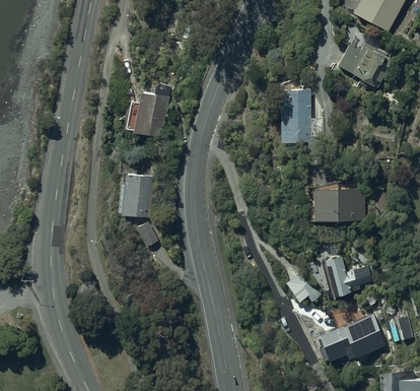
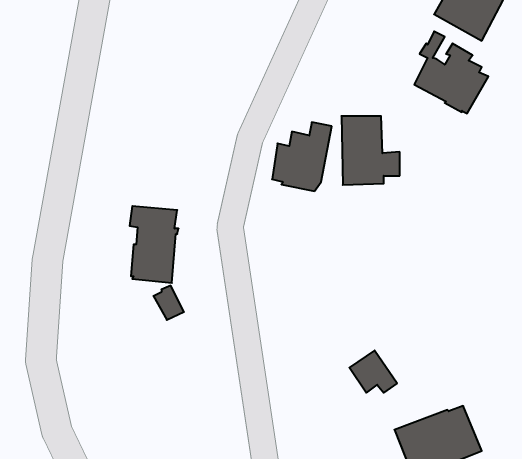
building: [127,84,172,137] -> [272,122,332,191]
building: [311,189,363,221] -> none
building: [326,255,374,297] -> none

